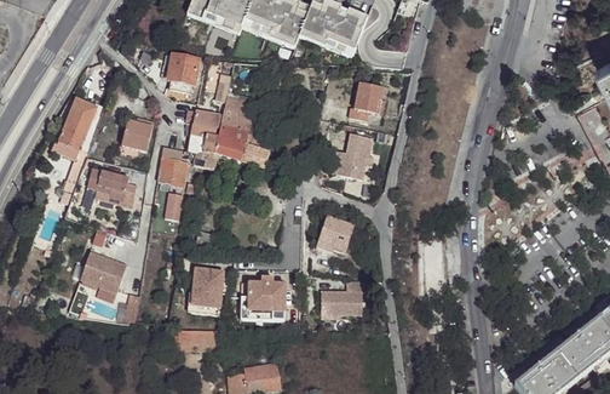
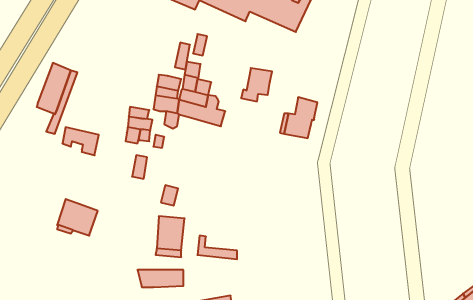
building: [159,52,200,92] -> none
building: [349,82,384,120] -> [241,68,272,101]
building: [121,119,151,150] -> none
building: [312,213,350,249] -> none
building: [316,276,362,312] -> none
building: [247,278,286,308] -> none

